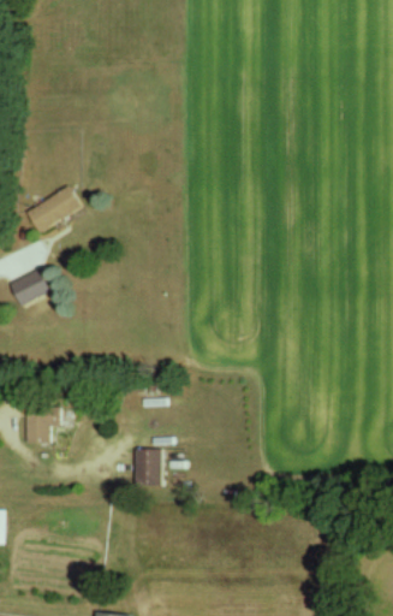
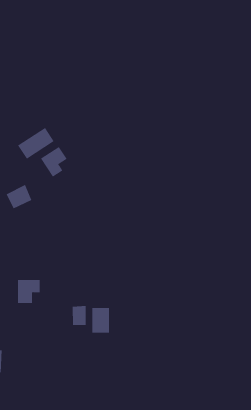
building: none -> [40,146,67,178]
building: none -> [72,305,86,326]

